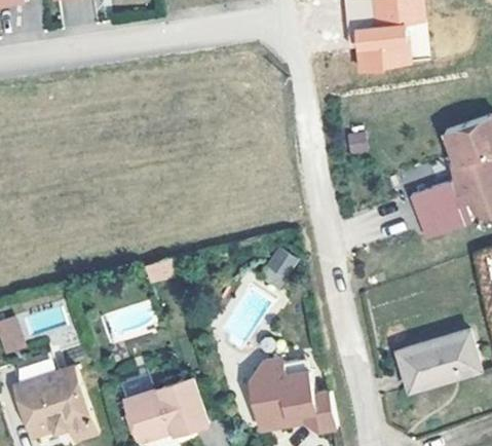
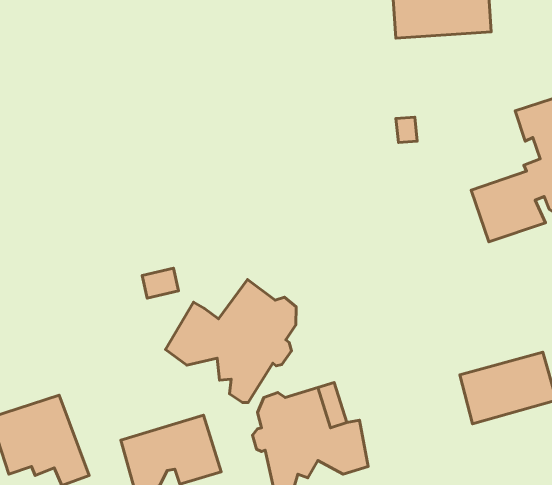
building: [259,247,298,288] -> none
building: none -> [165,279,296,403]

